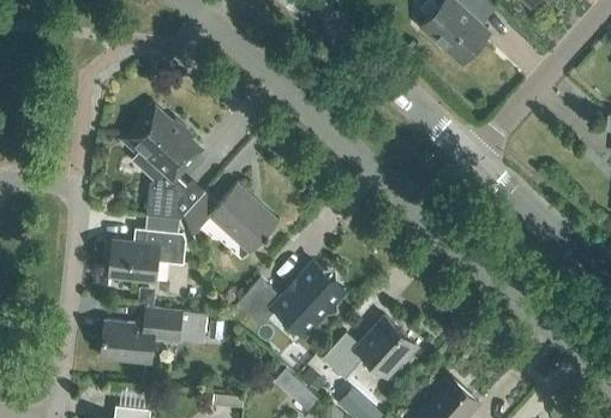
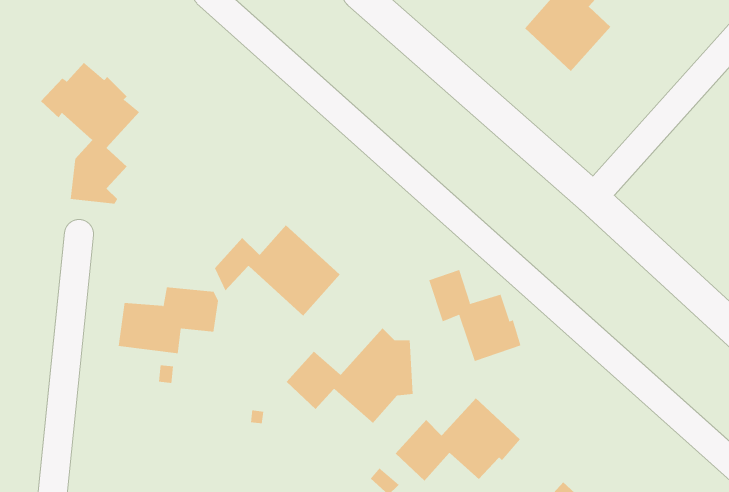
building: [122,109,199,219] -> [40,62,140,204]
building: none -> [429,269,521,362]
building: [100,307,206,364] -> none

